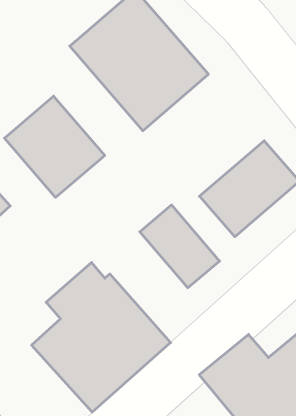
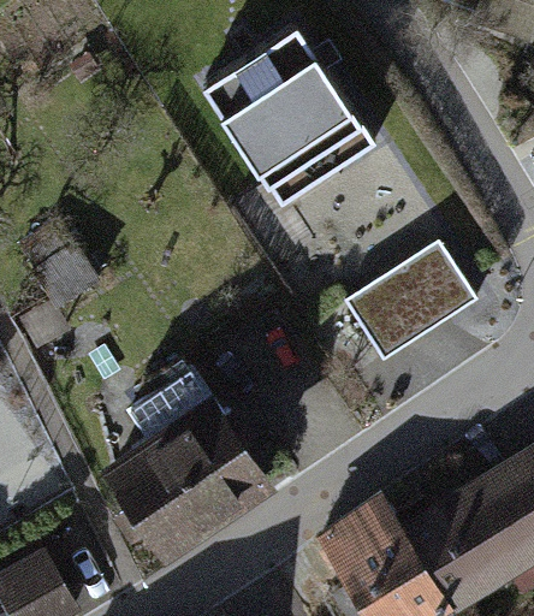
building: [4,96,105,197] -> none
building: [140,205,220,288] -> none

